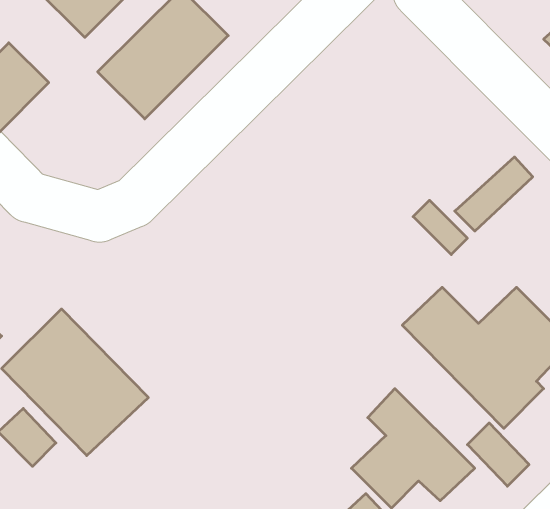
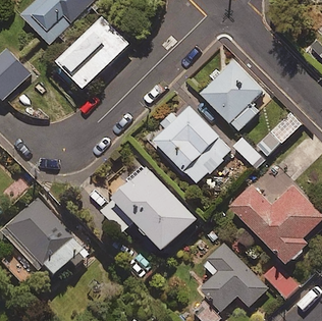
building: none -> [198,59,264,124]
building: none -> [153,105,231,183]
building: none -> [110,165,198,252]

